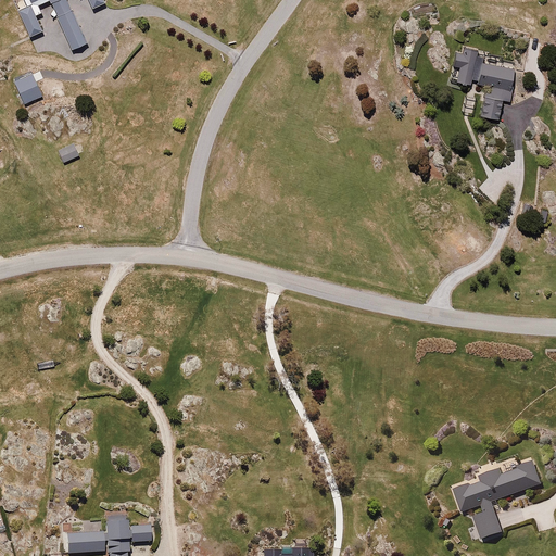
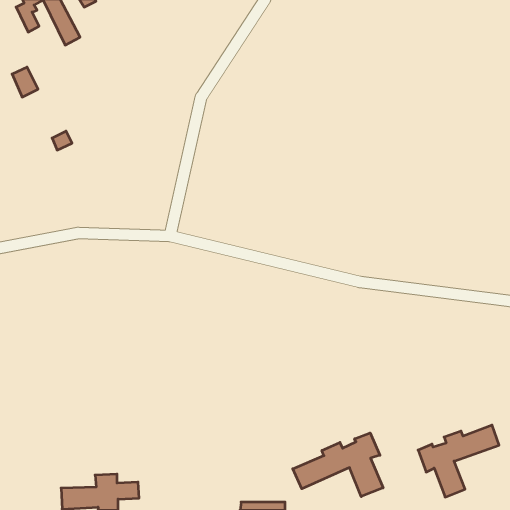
building: [452,47,515,117] -> none
building: none -> [293,433,383,497]

